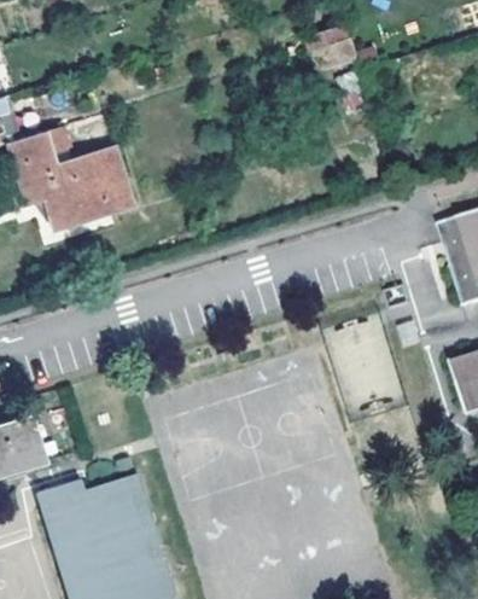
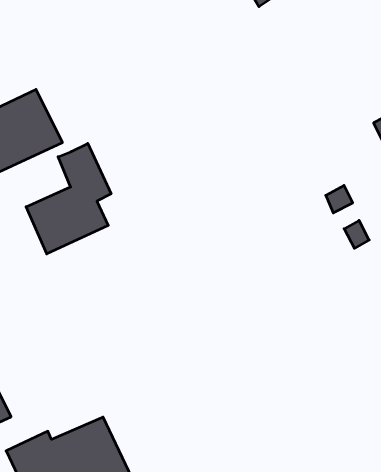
building: none -> [26,143,111,254]

